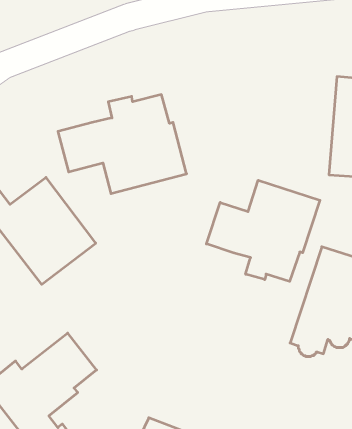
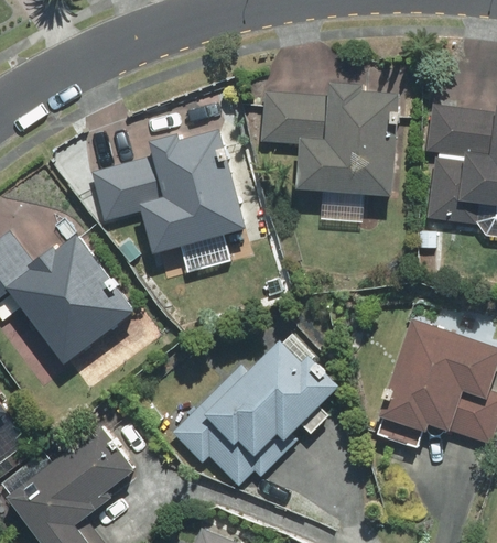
building: none -> [256,79,400,193]
building: [206,180,320,281] -> none
building: none -> [165,332,333,487]

